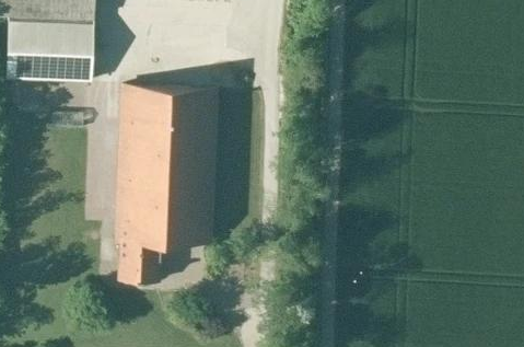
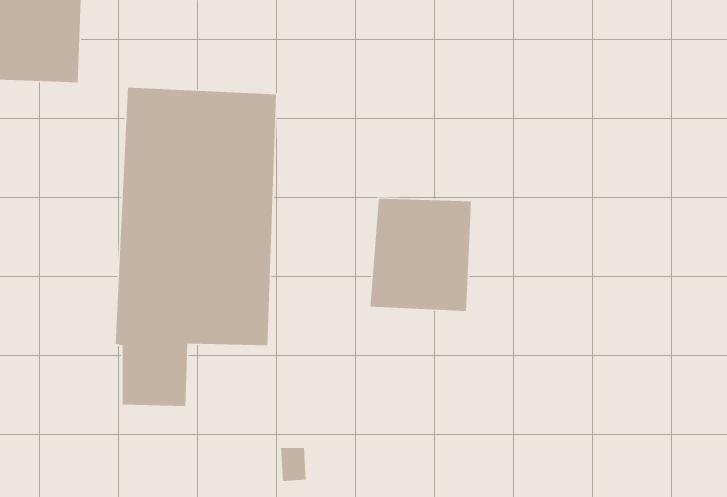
building: none -> [369,198,472,312]

